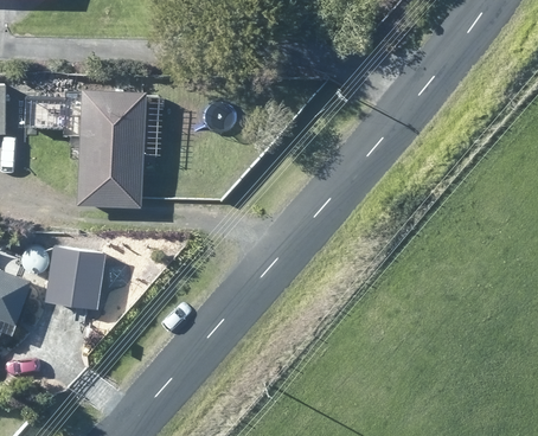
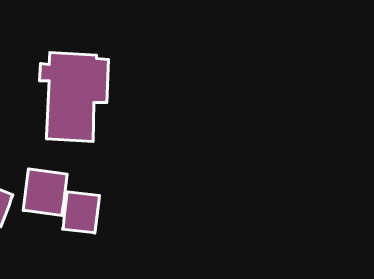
building: none -> [63,192,100,233]

